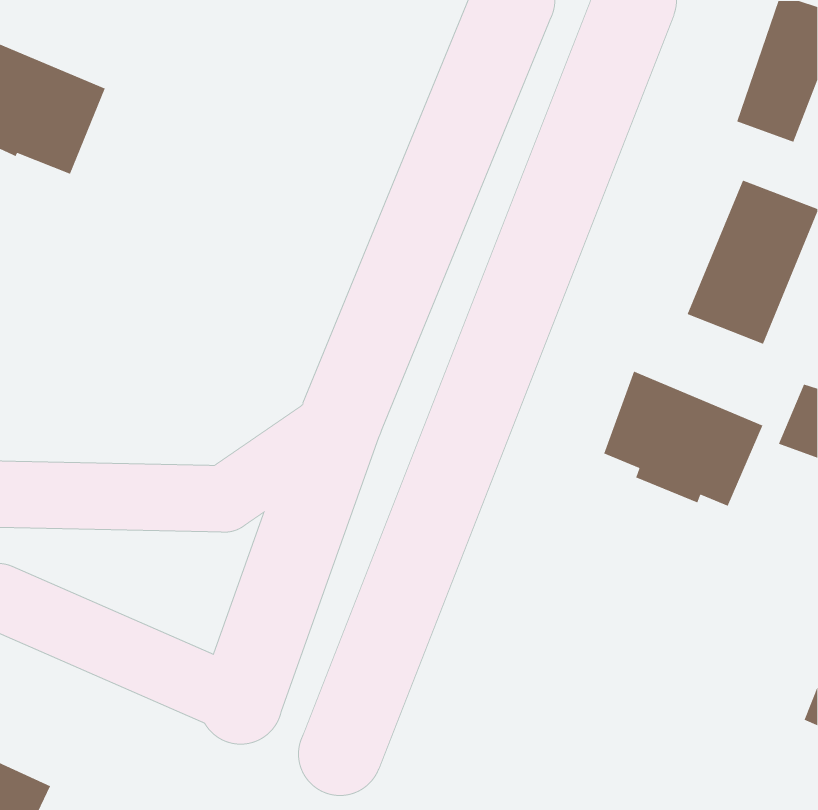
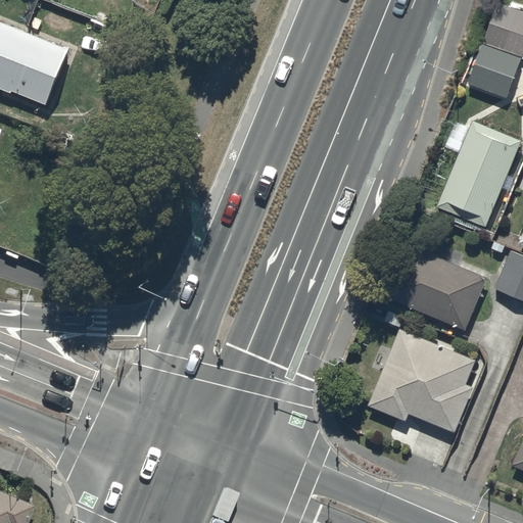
building: none -> [369,328,476,430]

